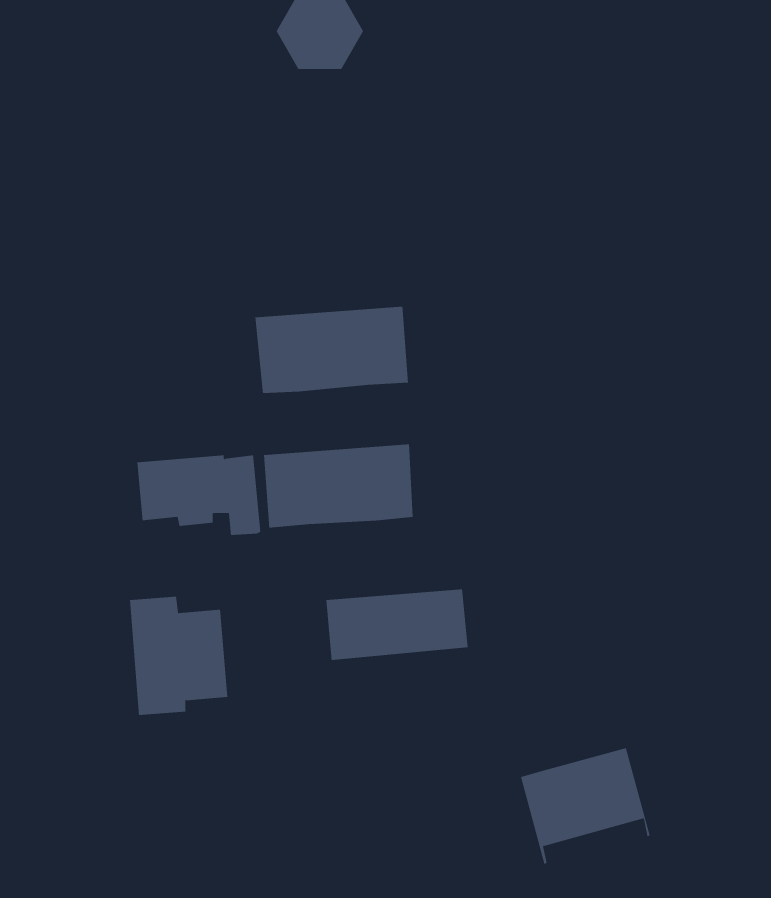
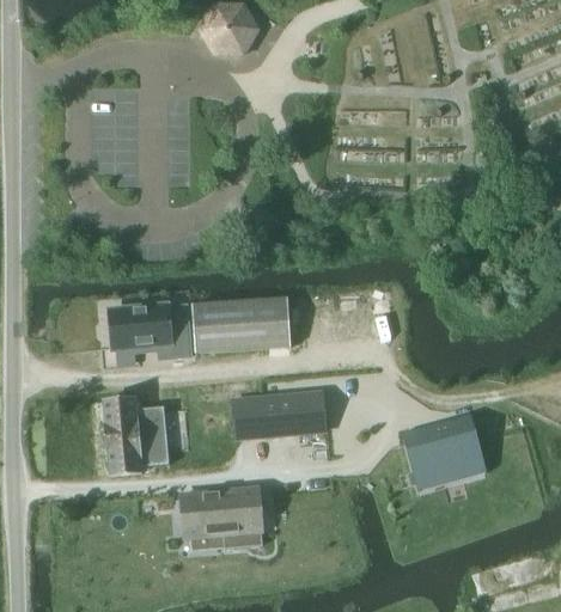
building: [255,306,409,394] -> none
building: none -> [181,486,262,547]
building: [520,747,650,865] -> [401,412,486,489]

